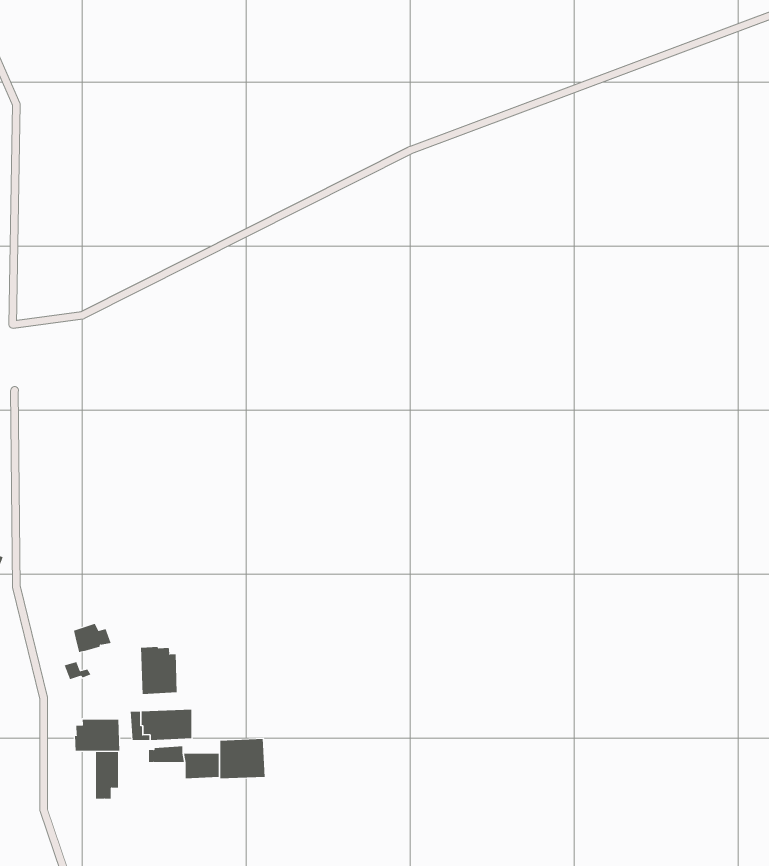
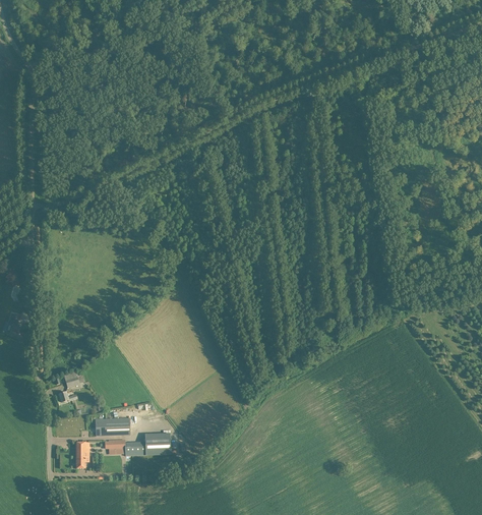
building: [141,646,177,695] -> none
building: [75,719,120,751] -> none

